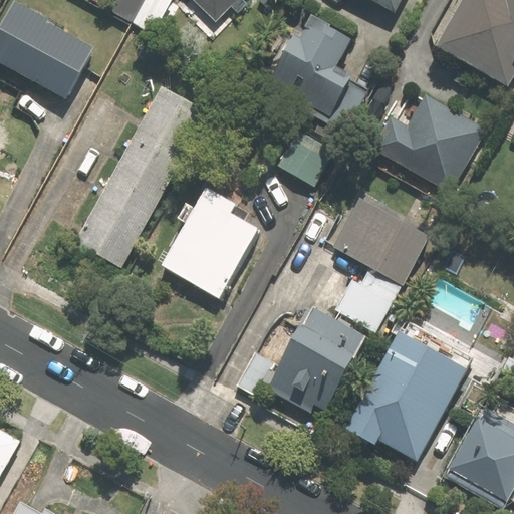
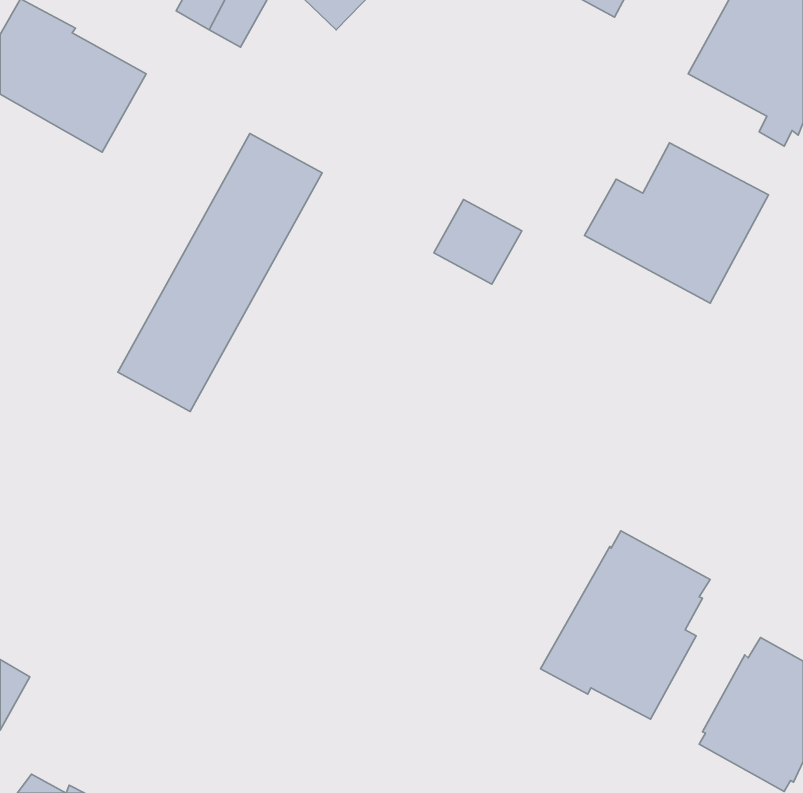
building: [269,16,365,130] -> none
building: [161,189,255,297] -> none
building: [332,198,427,325] -> none
building: [237,307,364,410] -> none

